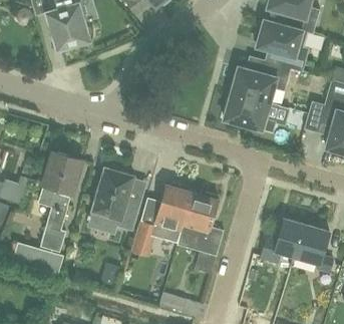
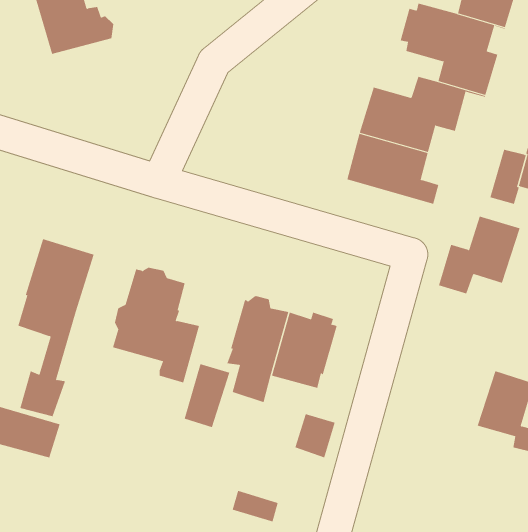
building: [260,218,306,262] -> [438,216,520,294]

